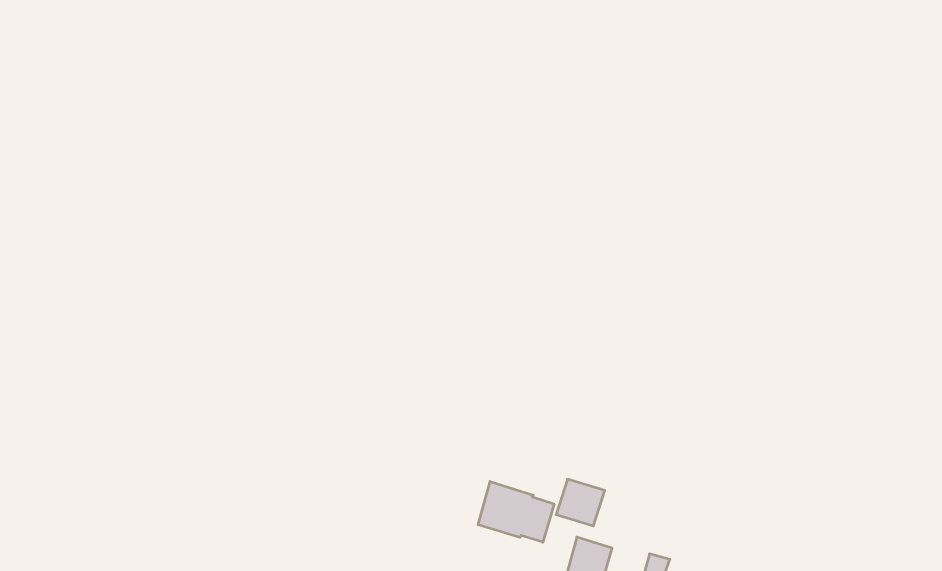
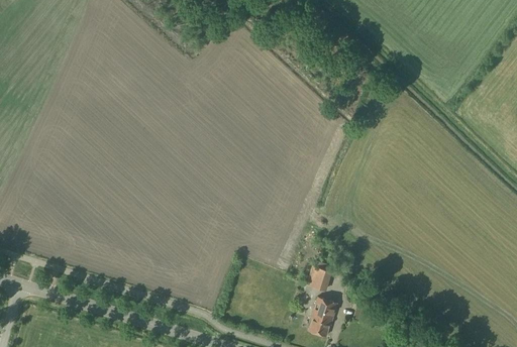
building: [478,481,554,542] -> none

